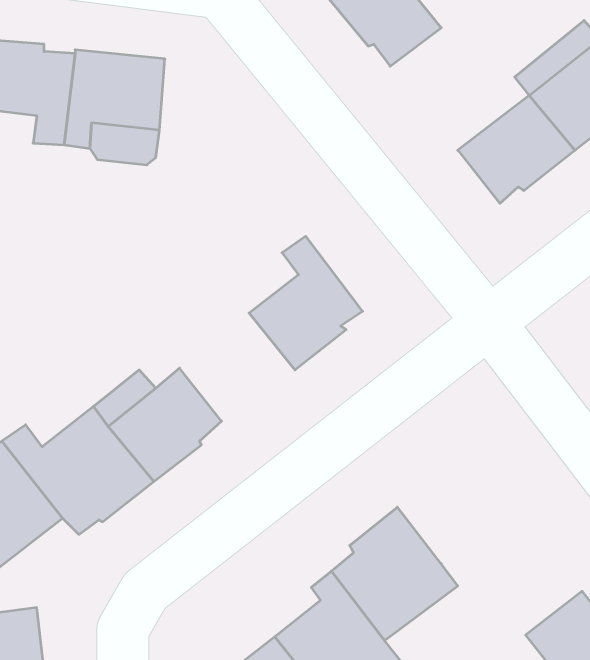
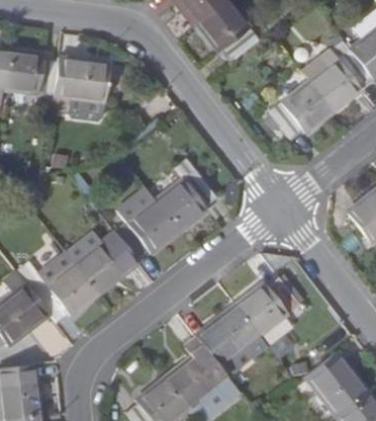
building: none -> [114,201,178,261]
building: none -> [234,279,299,340]

